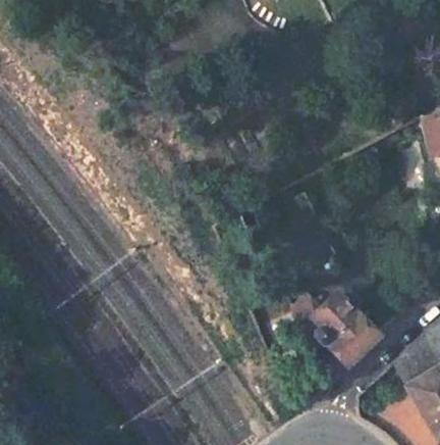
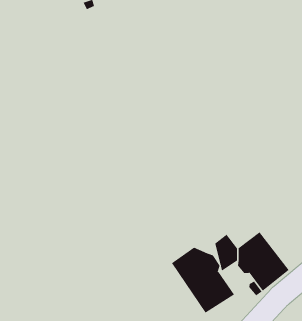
building: none -> [171,247,235,314]

